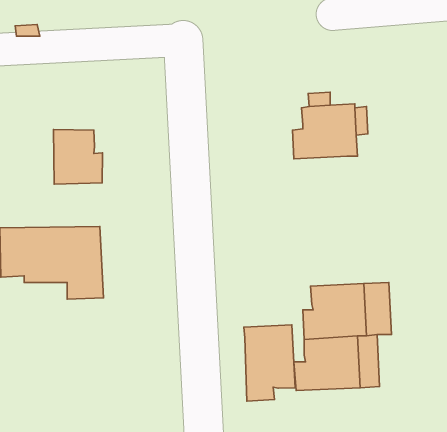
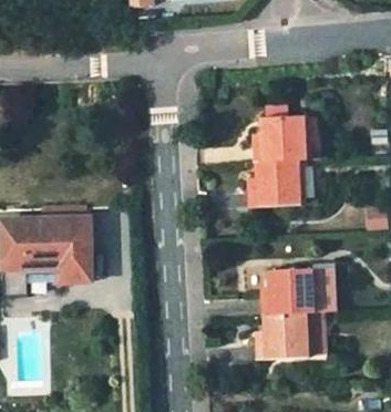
building: [53,129,103,184] -> none
building: none -> [246,161,302,207]
building: [244,325,295,401] -> none

